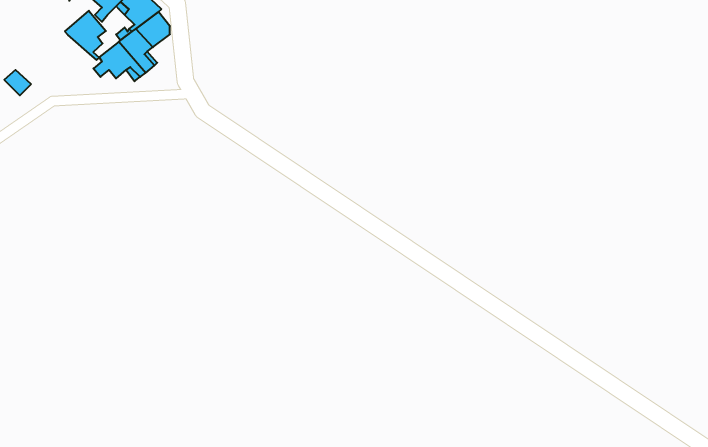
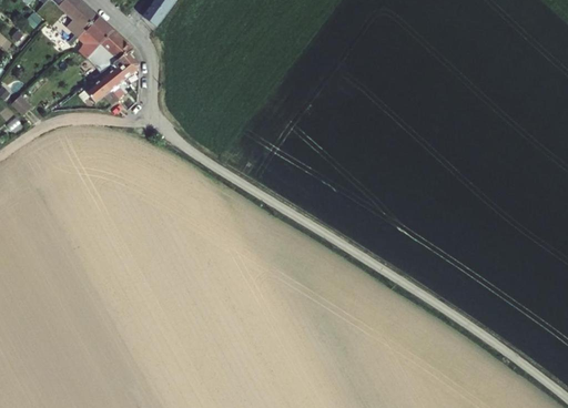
building: [65,11,106,60] -> none

